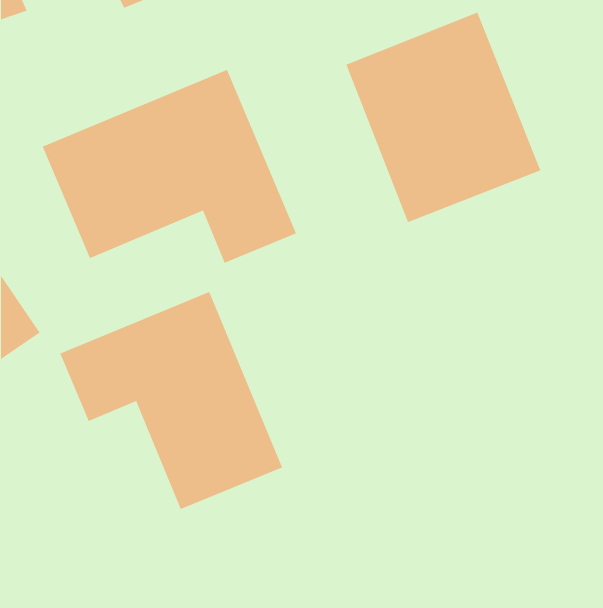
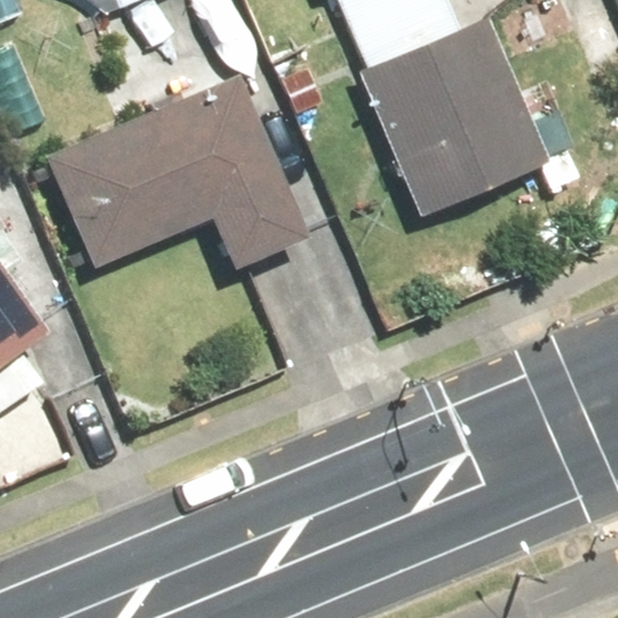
building: [59,291,283,510] -> none

